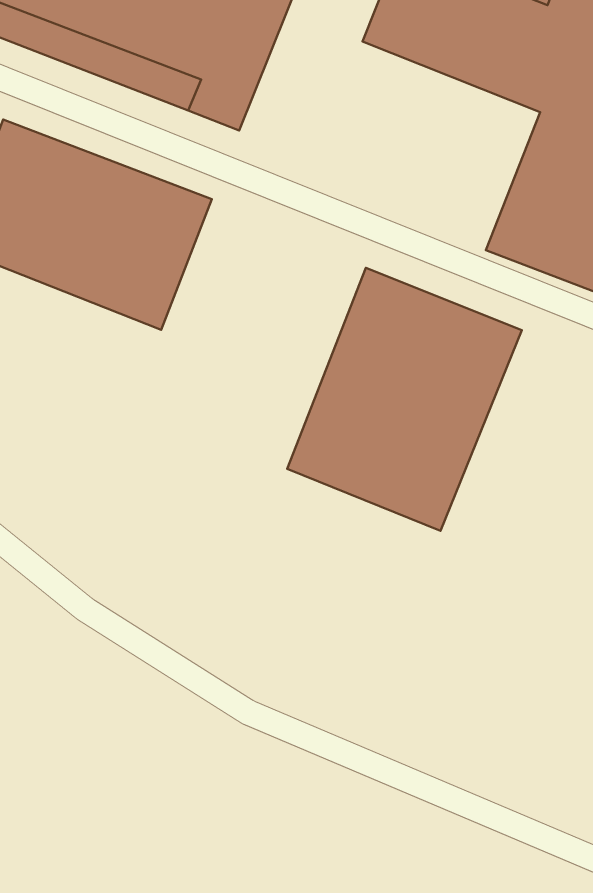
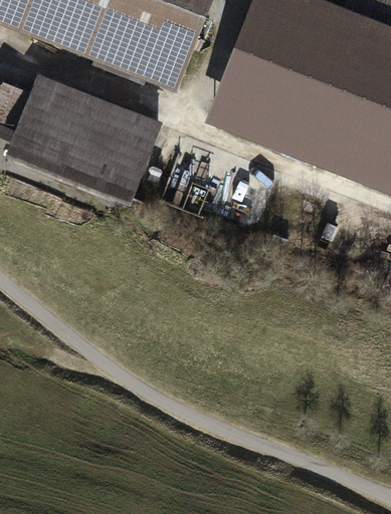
building: none -> [210,39,339,155]
building: [287,268,522,531] -> none

